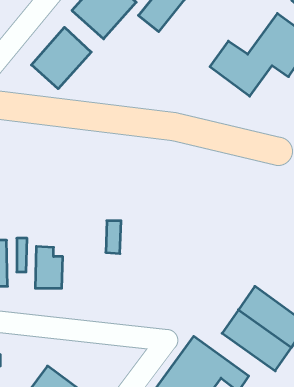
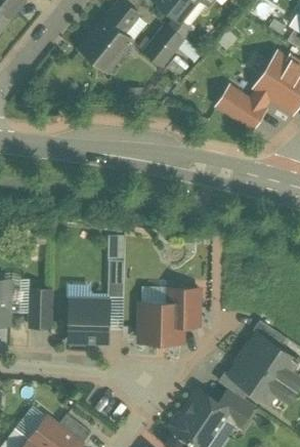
building: [31,27,91,89] -> none
building: none -> [134,283,191,343]
building: none -> [69,299,108,342]

